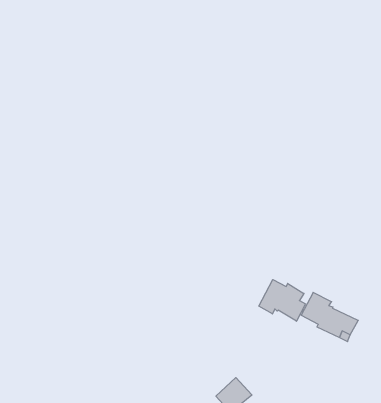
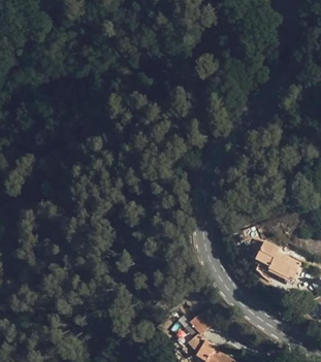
building: [259,280,305,321] -> none

